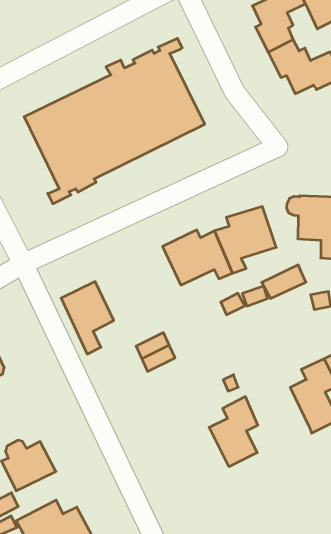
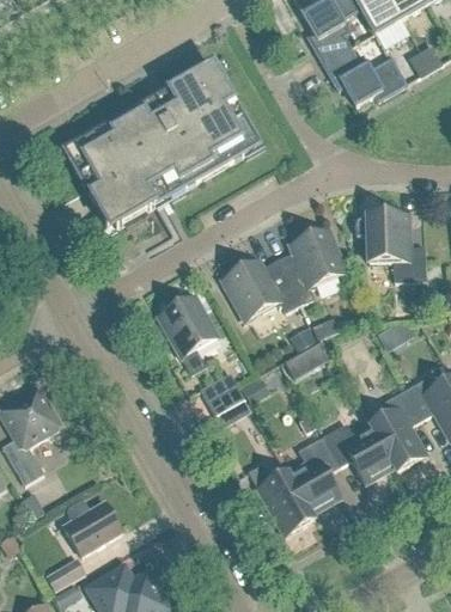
building: [262,265,306,299] -> [284,338,331,377]
building: [61,282,114,354] -> [159,294,218,373]
building: none -> [323,422,395,481]
building: none -> [248,463,313,536]

